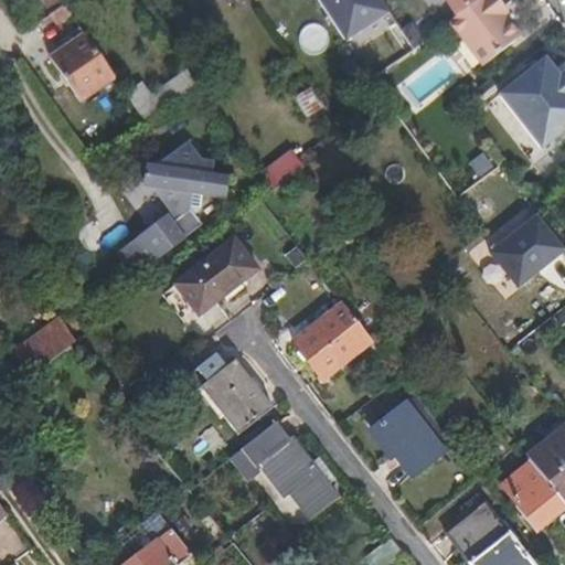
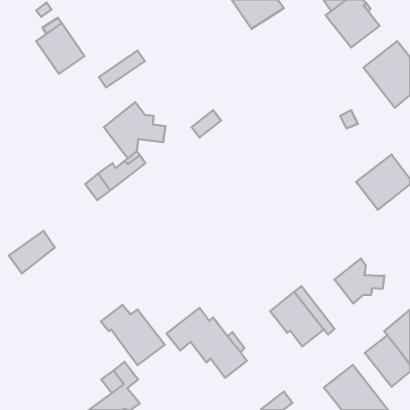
building: [174,237,258,315] -> none
building: [292,302,372,381] -> none
building: [185,352,274,435] -> [101,305,165,365]
building: none -> [335,259,385,303]

